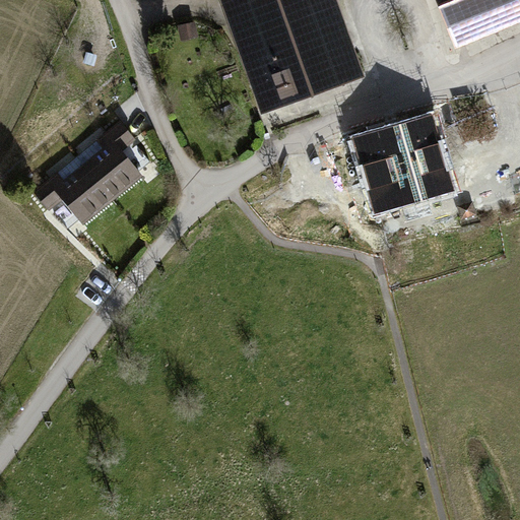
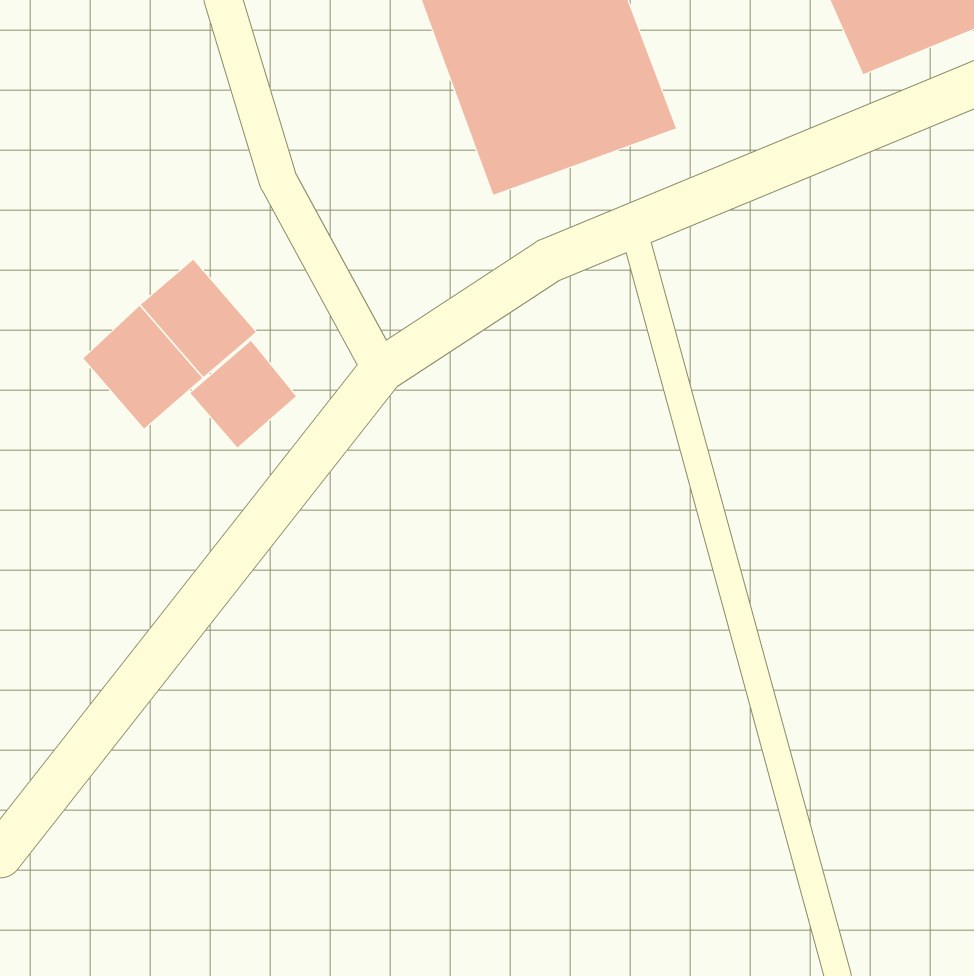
building: [352,111,458,207] -> none
building: none -> [189,340,297,448]

